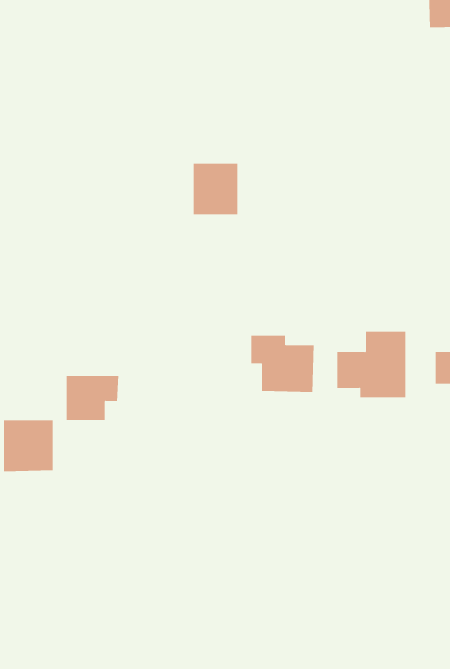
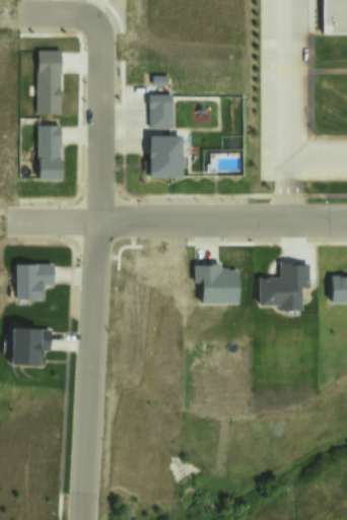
building: none -> [36,53,61,115]
building: none -> [148,98,175,130]
building: none -> [37,127,61,177]
building: [66,375,119,420] -> [17,265,57,299]

